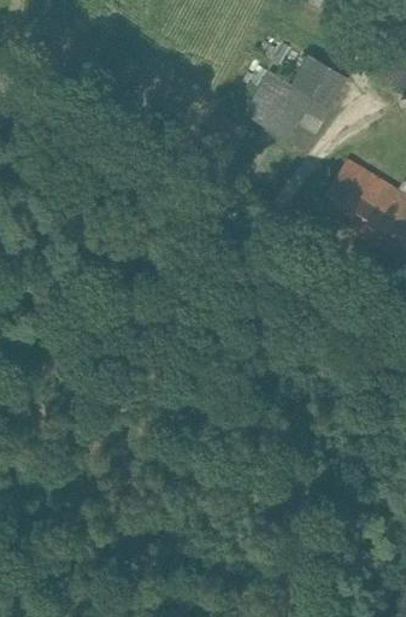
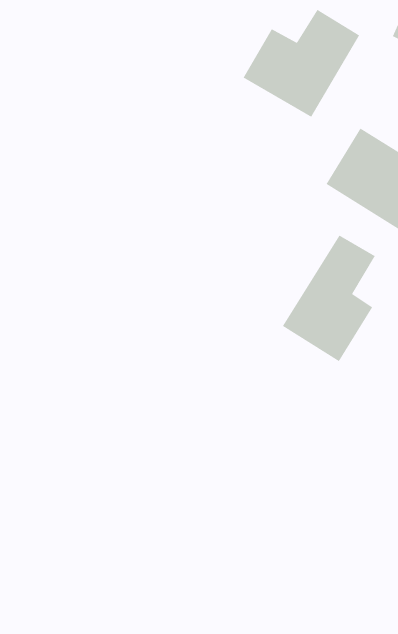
building: none -> [282,235,376,362]

